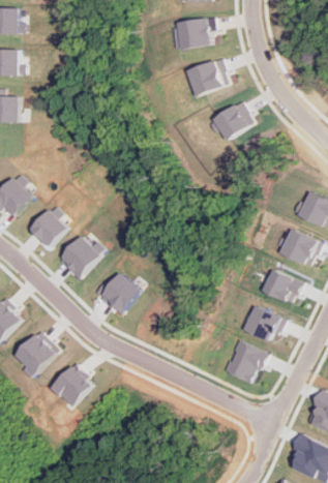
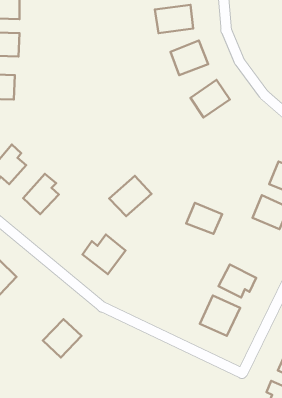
building: [56,234,102,278] -> [109,176,152,216]
building: [262,269,301,303] -> [186,203,222,234]
building: [14,332,56,379] -> none

